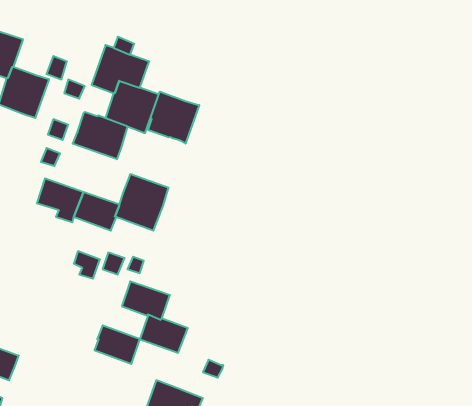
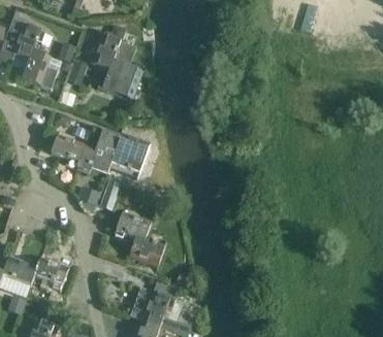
building: [148,92,199,144] -> none
building: [73,112,127,159] -> none
building: [94,325,140,364] -> [34,257,68,285]

